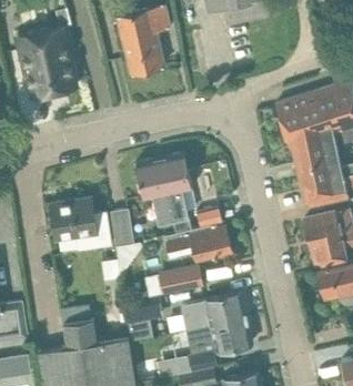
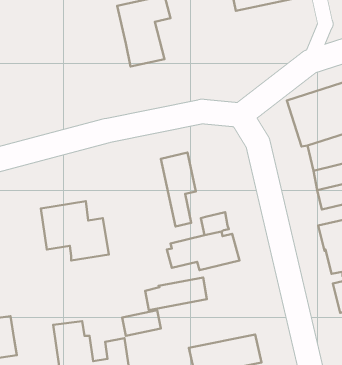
building: [18,24,75,98] -> none
building: [134,158,172,223] -> none
building: [109,209,133,248] -> none
building: [180,292,245,331] -> none

